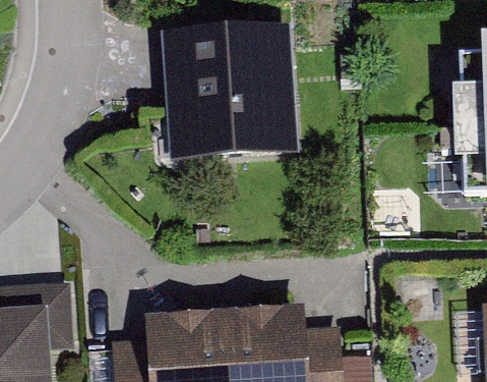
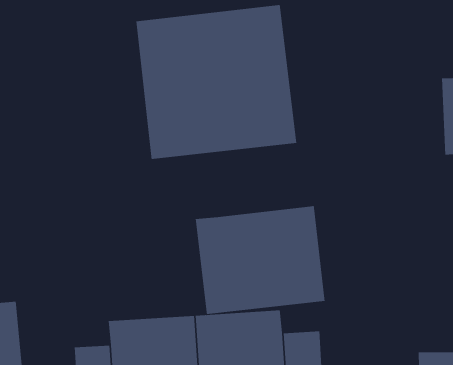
building: none -> [195,205,325,315]

